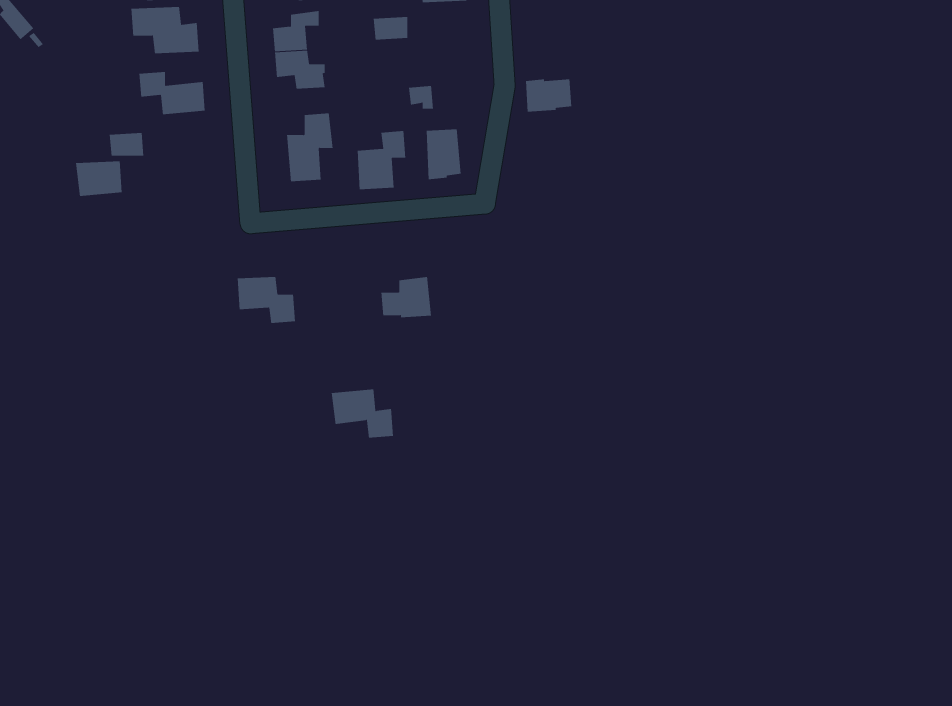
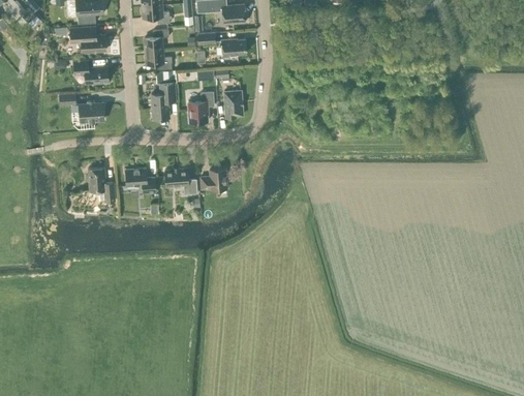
building: [525,79,572,112] -> [221,38,246,56]
building: [75,161,122,196] -> [79,102,103,121]
building: none -> [88,166,115,201]
building: [331,389,394,438] -> [164,167,197,193]

